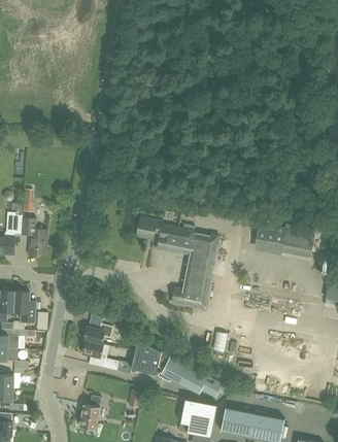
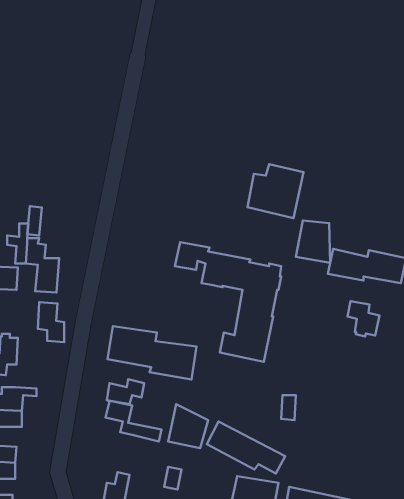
building: none -> [248,164,303,218]
building: none -> [296,220,330,263]
building: none -> [348,301,380,336]
building: none -> [108,326,197,380]
building: [13,291,34,321] -> [38,302,64,342]

